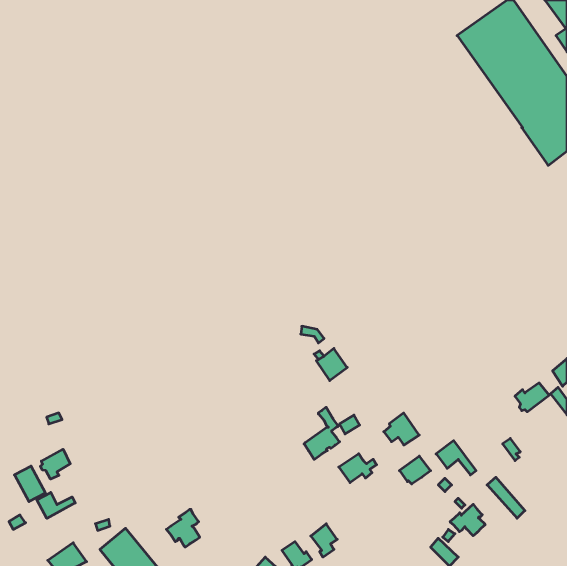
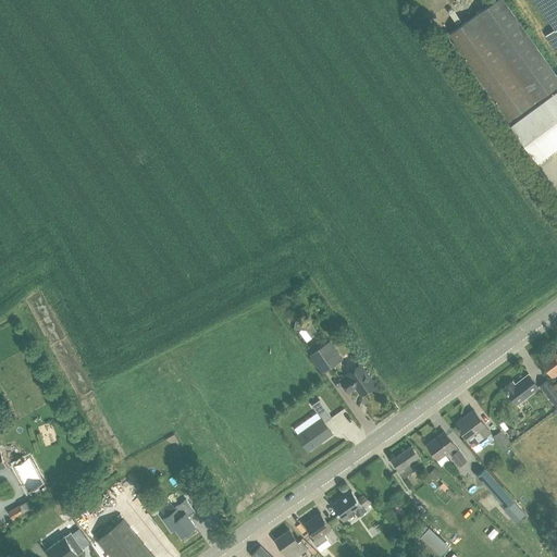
building: [384,413,419,445] -> [342,364,376,396]
building: none -> [456,411,491,440]
building: [40,449,70,479] -> none
building: [339,454,377,483] -> [333,493,370,521]
building: [37,492,75,518] -> none
building: [450,504,485,536] -> none

